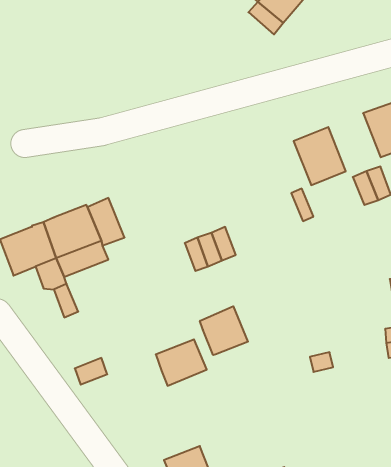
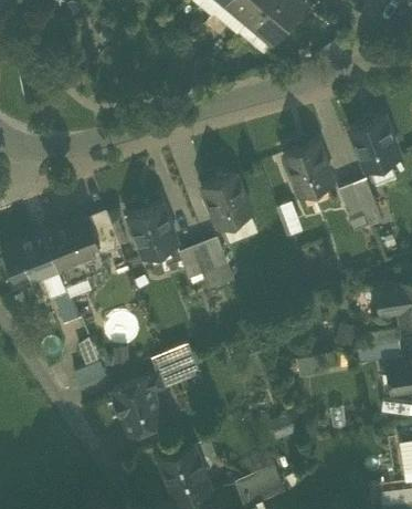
building: none -> [201,175,251,230]
building: none -> [128,204,178,259]
building: [200,306,248,355] -> none
building: none -> [112,375,163,436]

